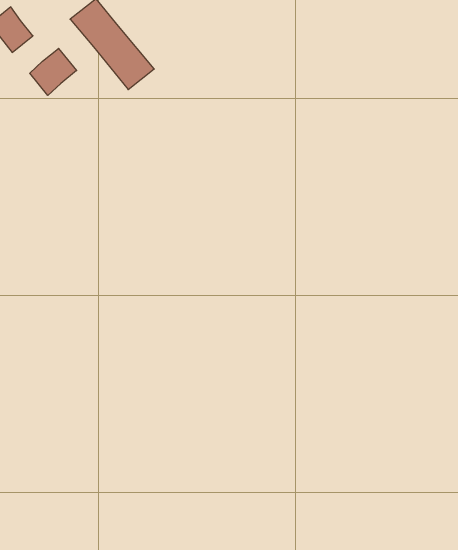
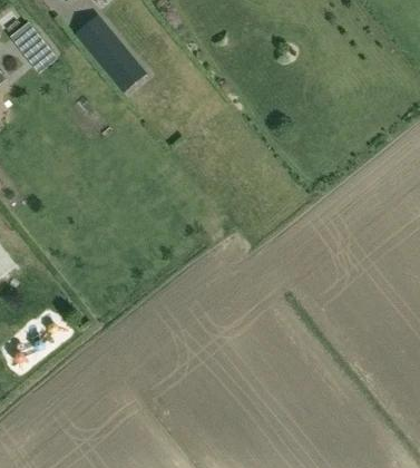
building: [30,48,77,95] -> none

